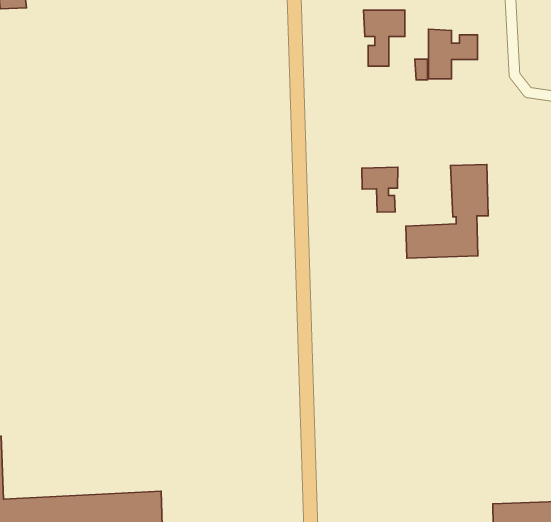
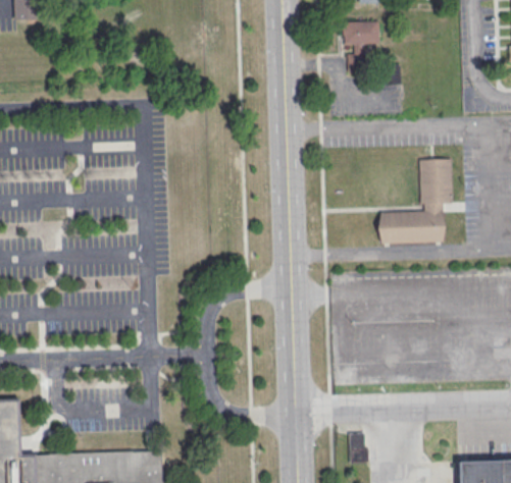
building: [429,29,477,79] -> none
building: [362,167,398,212] -> none

